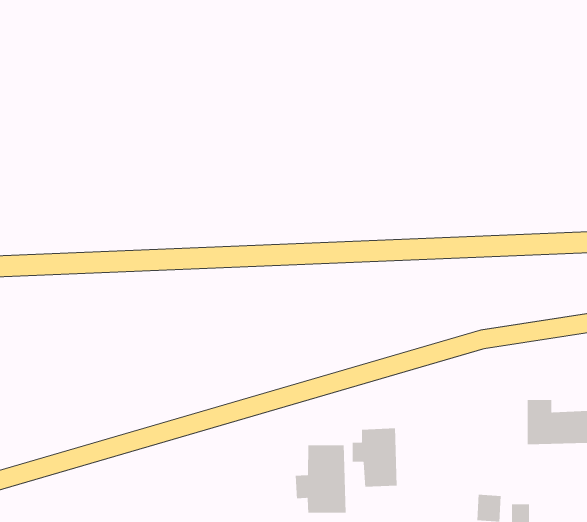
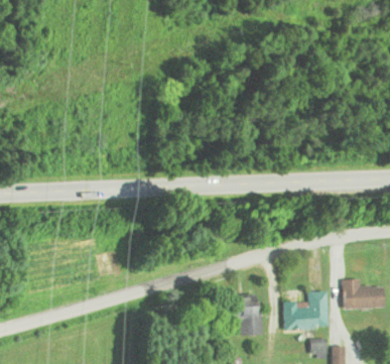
building: none -> [283,291,326,330]
building: [295,445,346,513] -> none

